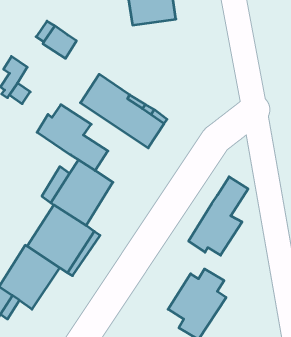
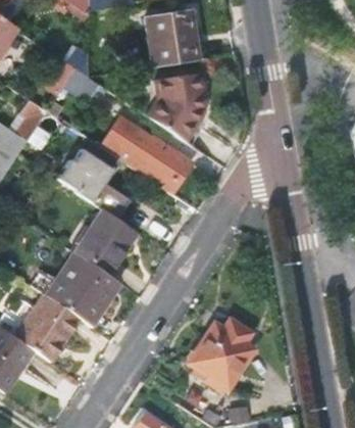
building: none -> [147,74,204,140]
building: [189,177,248,255] -> none

